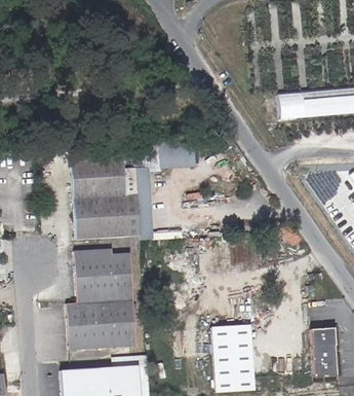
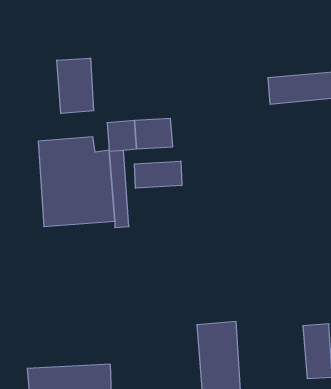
building: none -> [57,58,93,114]
building: none -> [135,161,182,188]
building: [66,246,136,347] -> none

